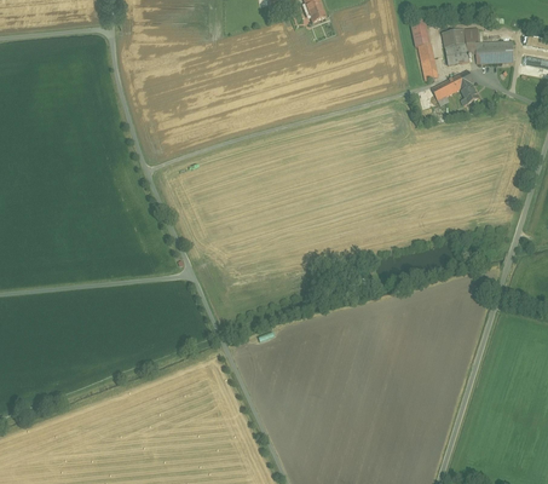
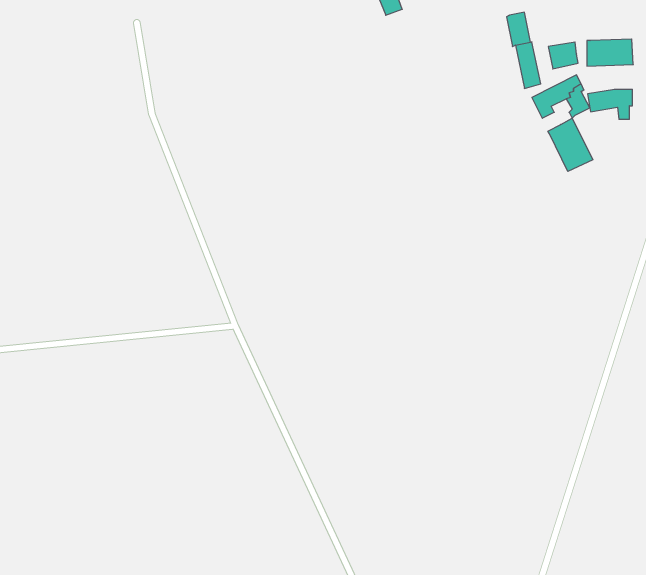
building: [443,29,479,53] -> [588,89,632,119]
building: none -> [548,118,593,171]

